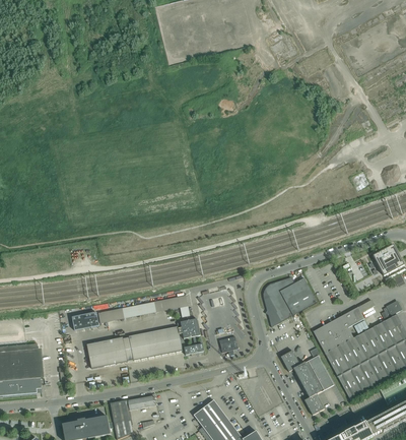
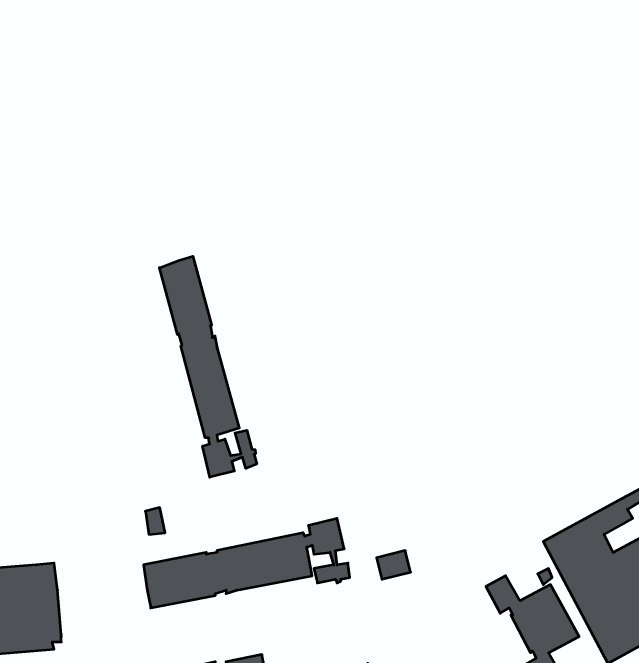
building: none -> [159,256,257,477]
building: [263,276,318,326] -> none

